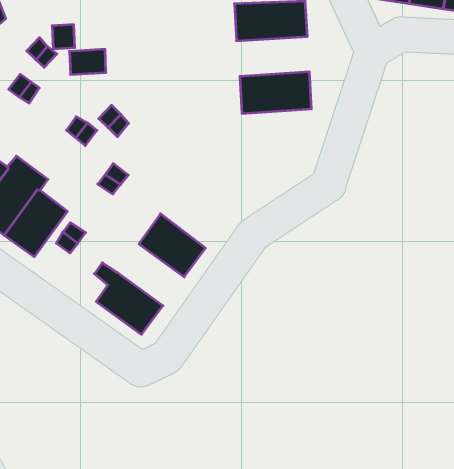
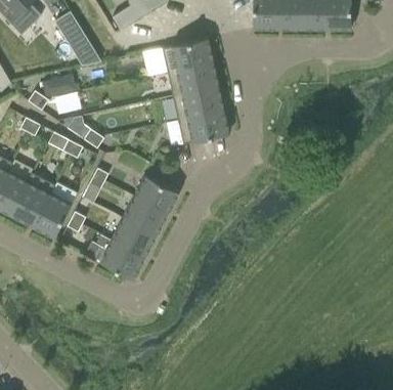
building: none -> [167,62,219,96]
building: none -> [178,111,229,144]
building: none -> [134,175,179,215]
building: none -> [112,219,157,258]

